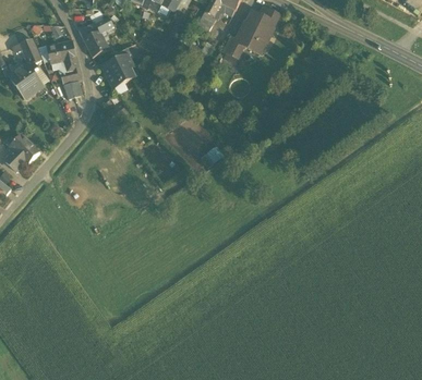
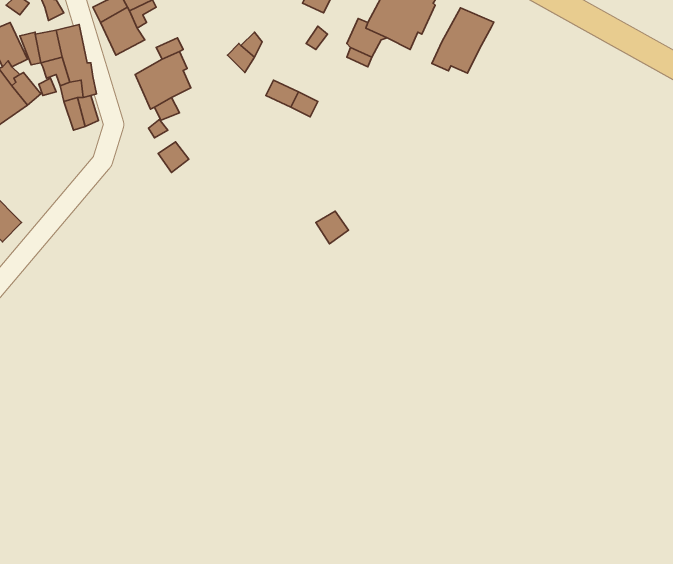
building: none -> [432,8,494,73]

